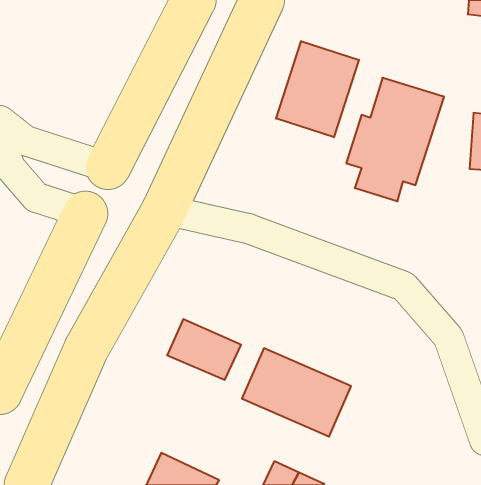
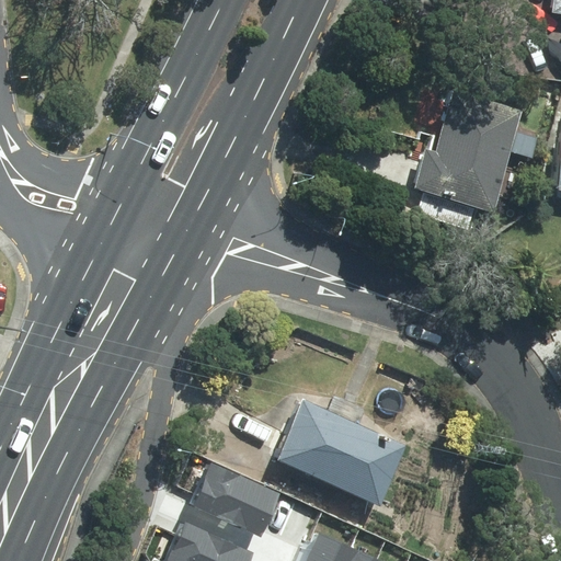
building: [276,41,359,137] -> none
building: [167,319,241,380] -> [198,465,284,535]

